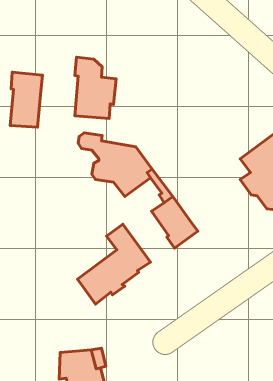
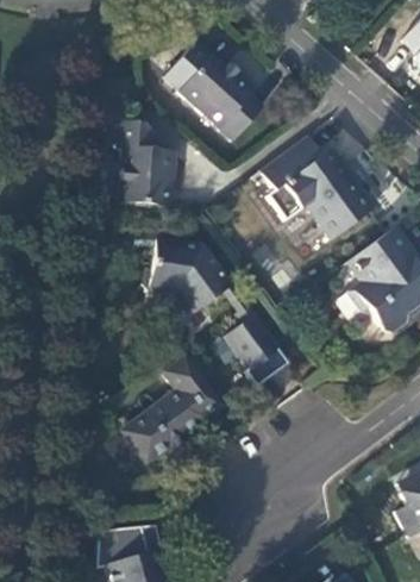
building: none -> [178,55,262,138]
building: none -> [259,134,374,238]
building: [10,72,42,127] -> none

